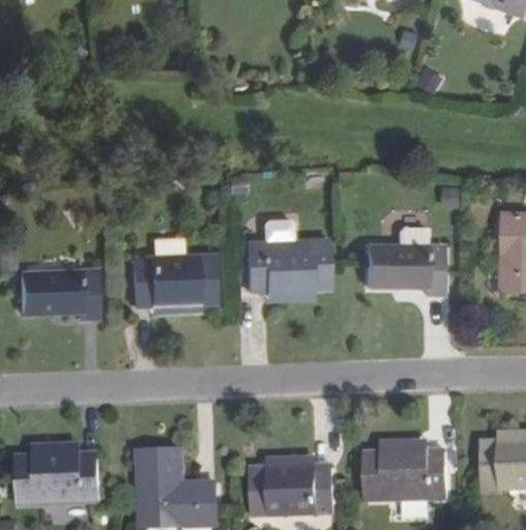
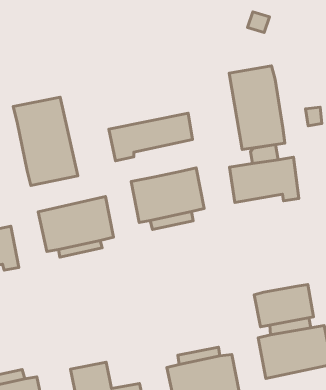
building: none -> [13,97,78,185]
building: none -> [229,66,285,150]
building: none -> [109,113,192,161]
building: none -> [254,284,313,327]

